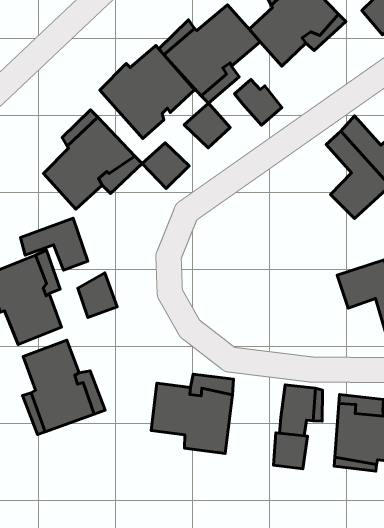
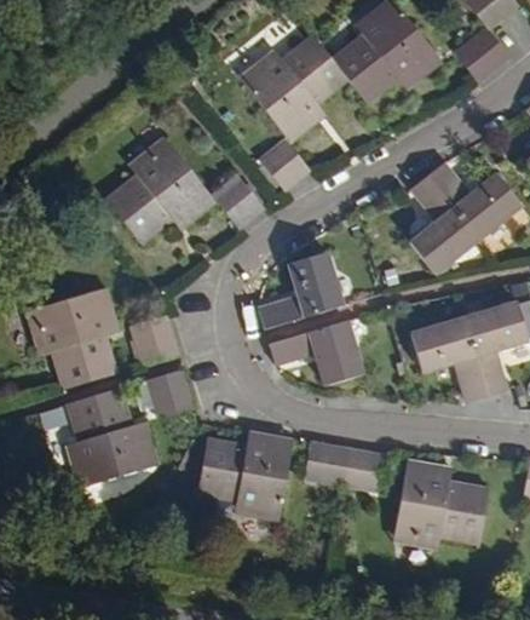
building: [100,46,194,139] -> none
building: [234,80,282,125] -> none
building: none -> [261,253,344,327]
building: [21,218,88,270] -> none
building: none -> [267,320,363,384]
building: none -> [145,366,188,408]
building: [274,433,307,469] -> [311,443,350,484]

